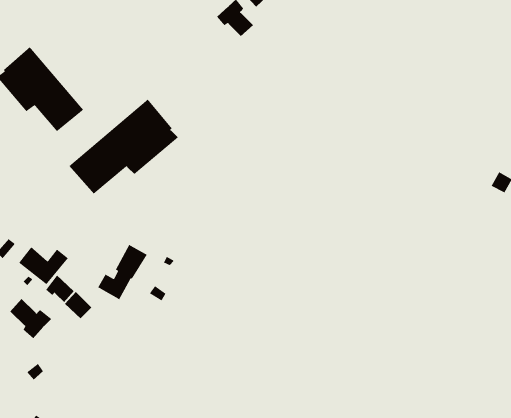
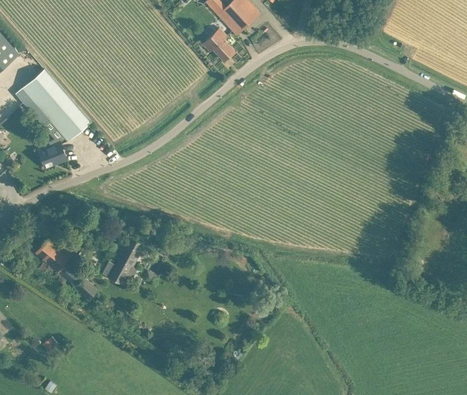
building: [69,99,179,194] -> none
building: none -> [38,140,66,167]
building: [10,298,52,339] -> none

